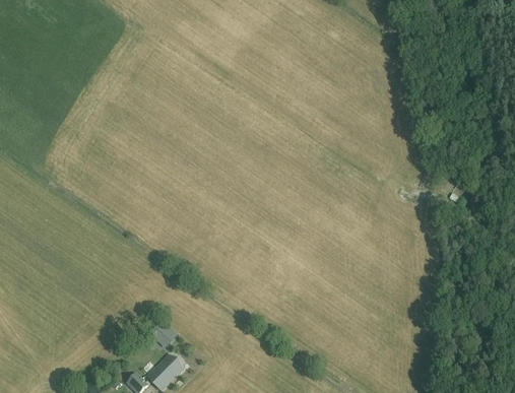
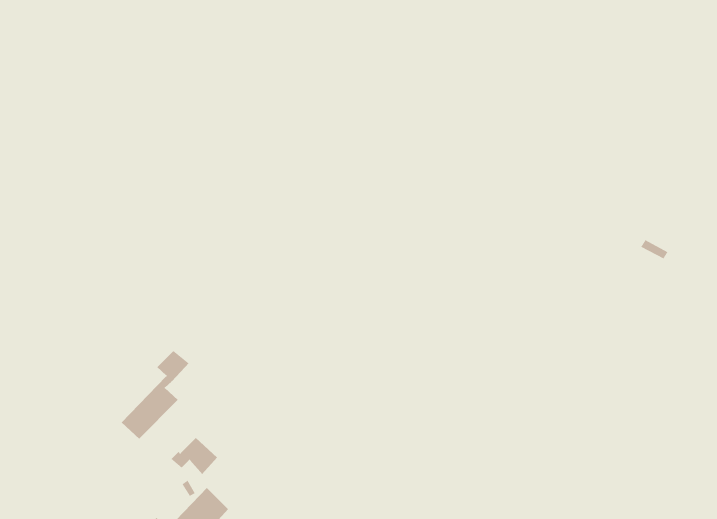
building: none -> [121,350,190,440]

